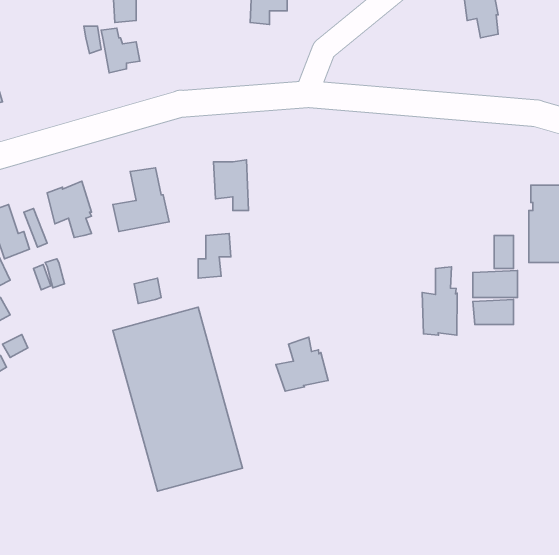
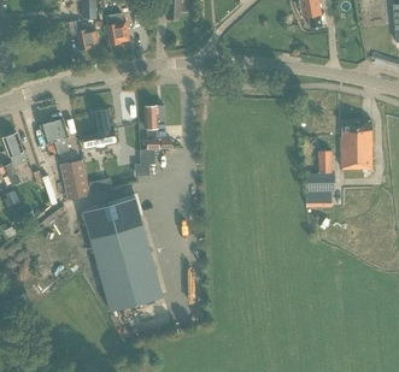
building: none -> [104,11,129,45]
building: none -> [60,159,89,199]
building: [422,267,457,335] -> none
building: [276,337,328,391] -> none

